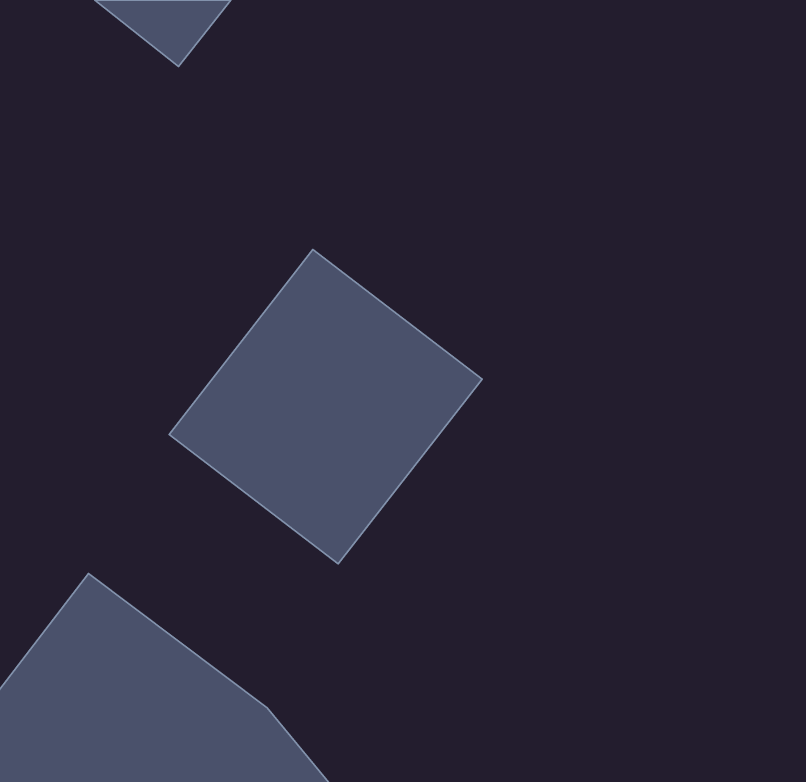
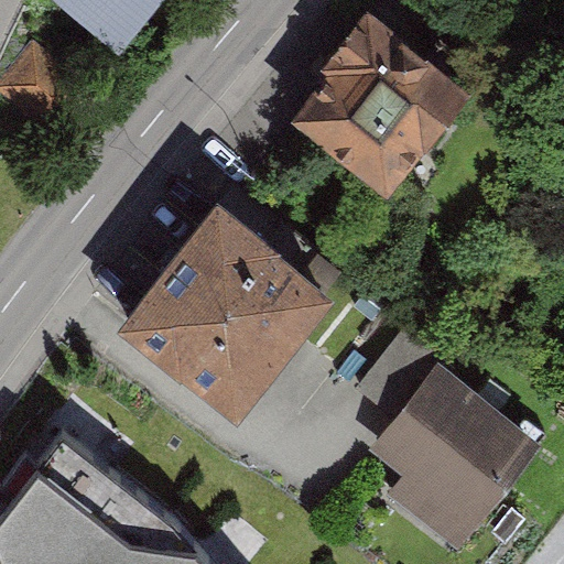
building: none -> [301,46,451,196]
building: none -> [370,368,541,558]

